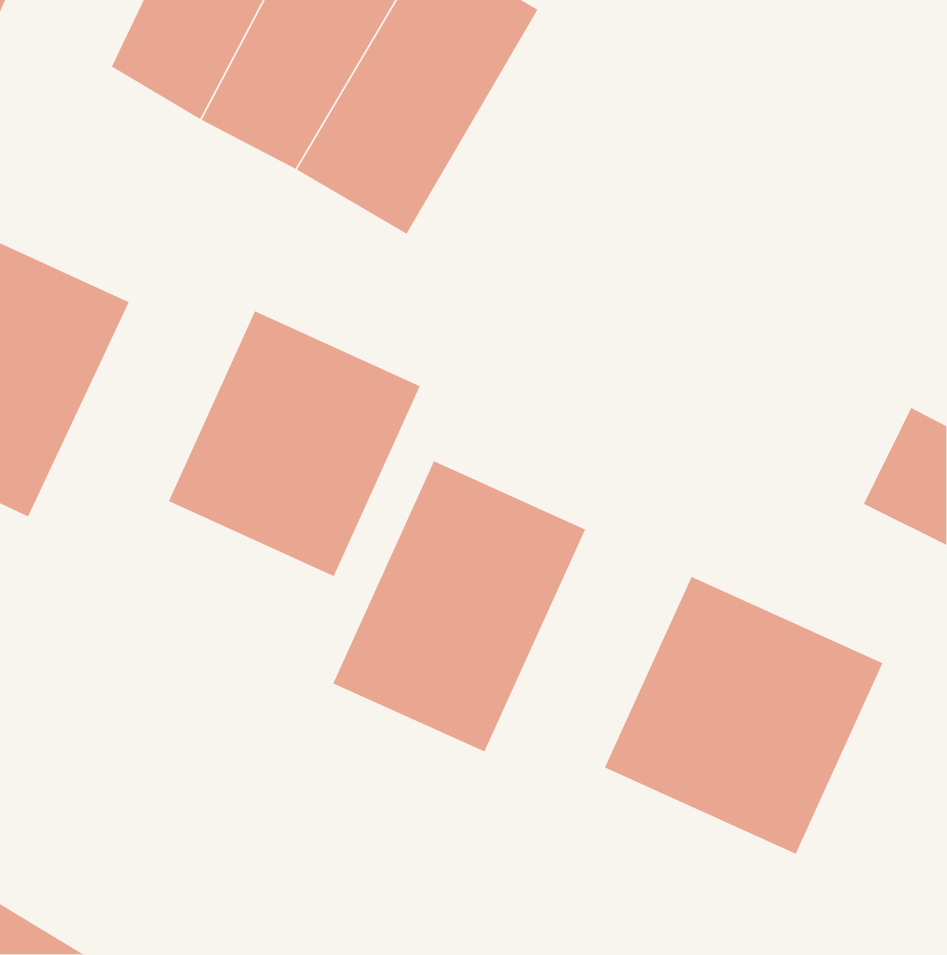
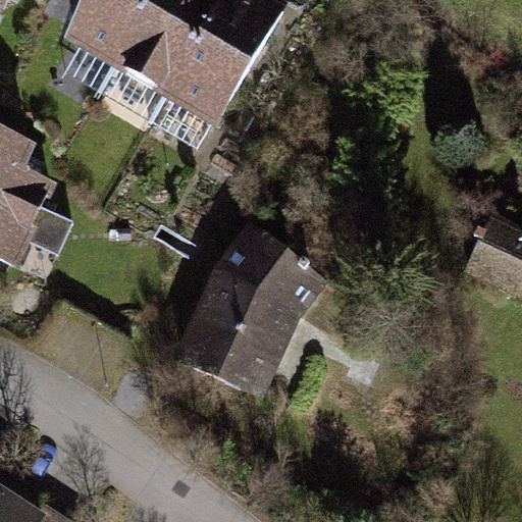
building: [168,310,421,577] -> none
building: [604,576,884,855] -> none

